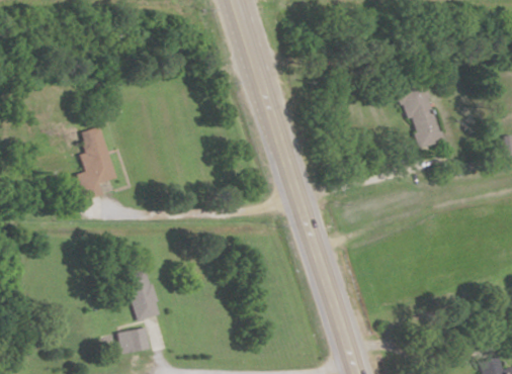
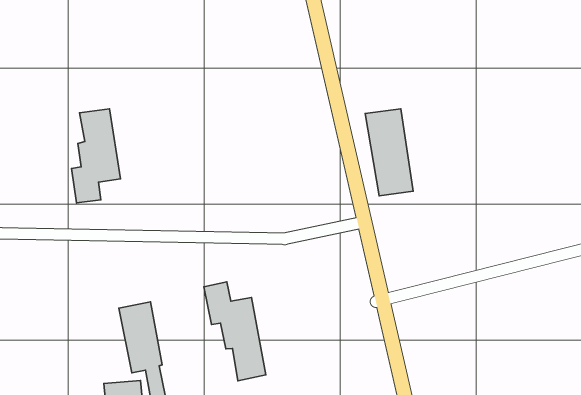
building: [400,81,441,148] -> [365,109,413,196]
building: none -> [204,282,266,381]

